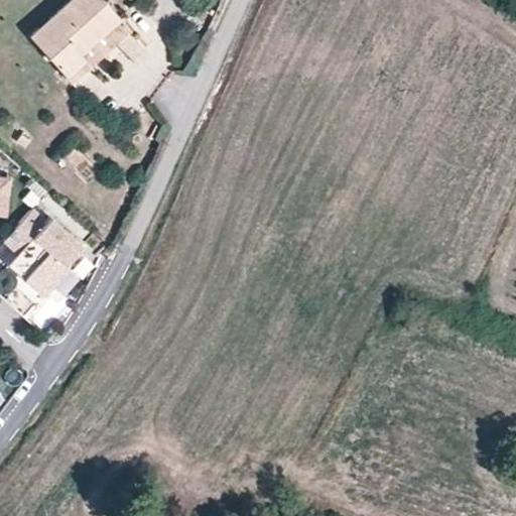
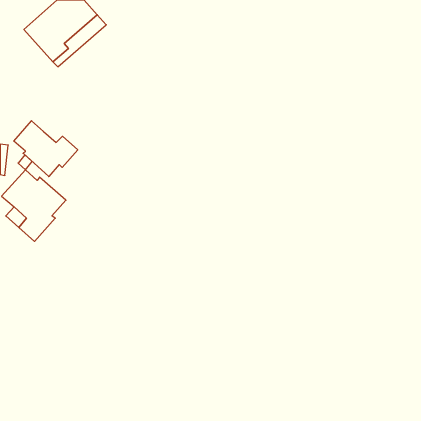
building: none -> [14,121,78,177]

